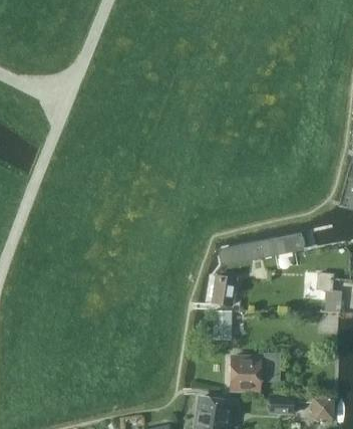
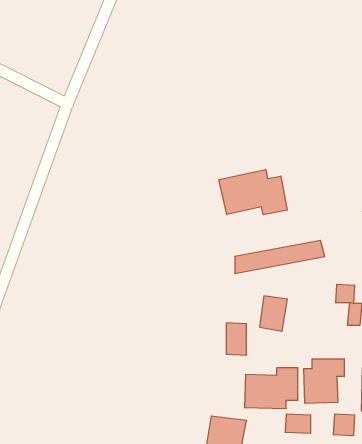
building: none -> [219,169,287,215]
building: [212,275,238,308] -> [260,296,287,331]
building: none -> [304,359,344,403]

